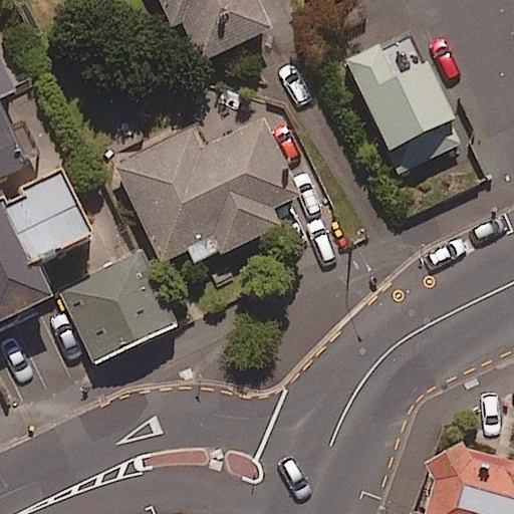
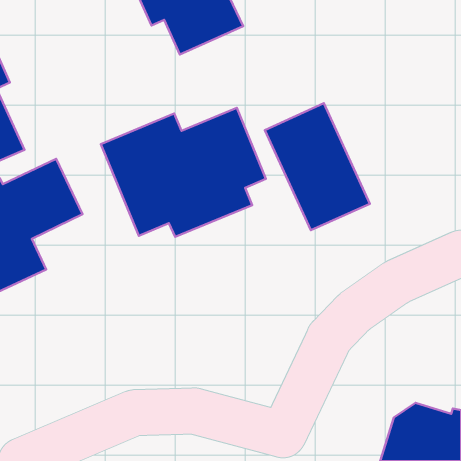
building: [346,30,463,171] -> [265,103,370,230]
building: [59,250,178,362] -> none

